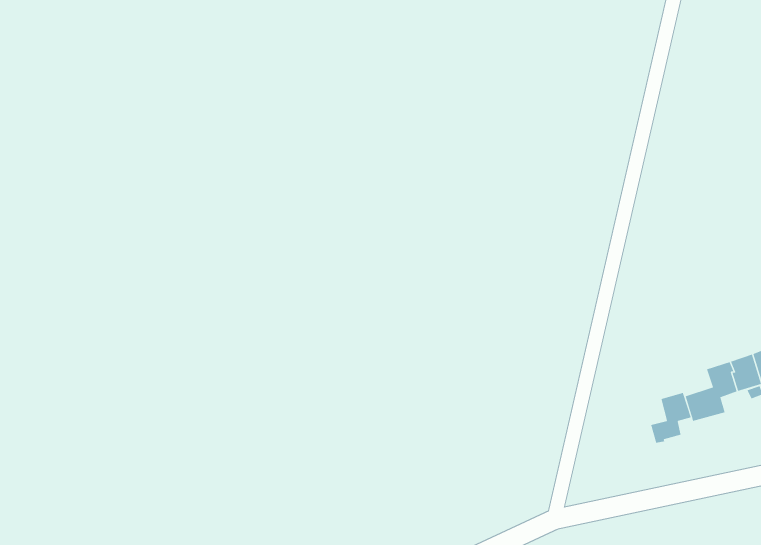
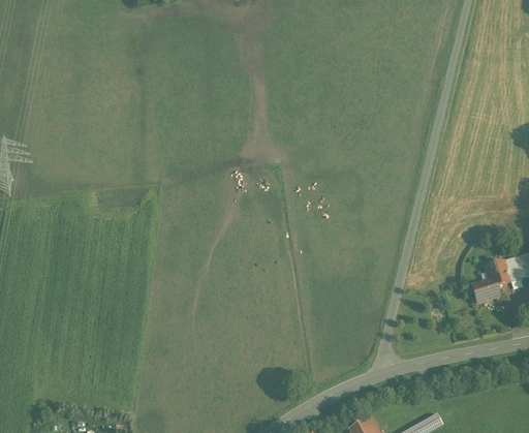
building: [651,392,691,444] -> none

